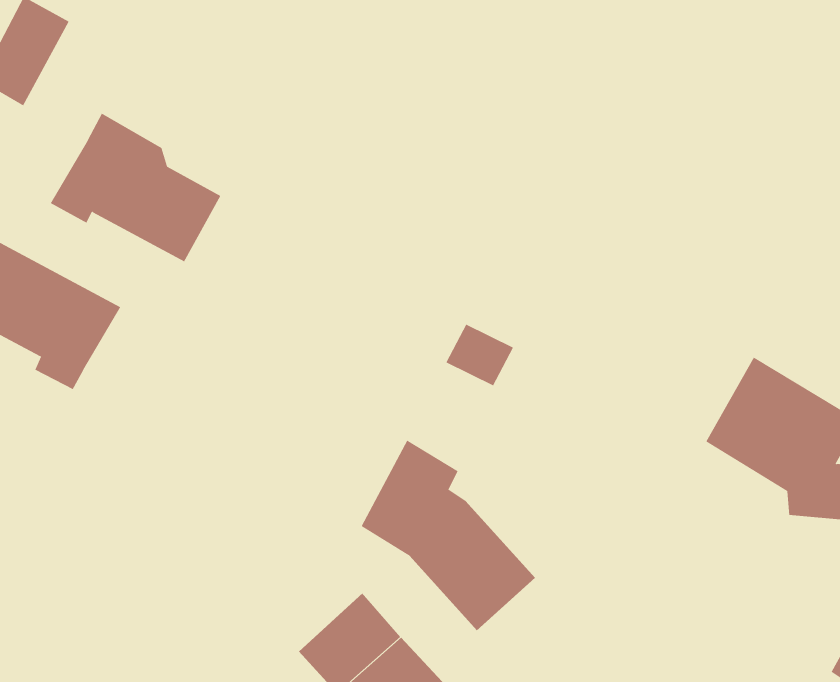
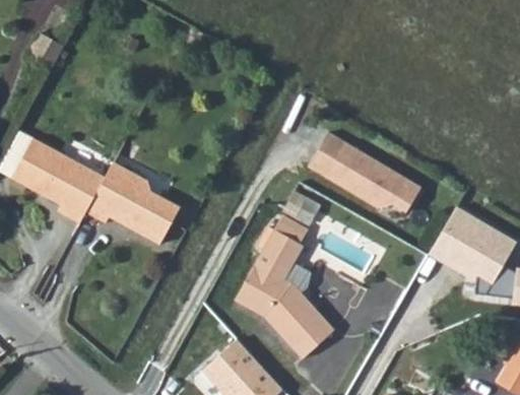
building: [50,113,221,262] -> [85,163,180,246]
building: none -> [318,132,420,211]
building: none -> [263,216,309,269]

